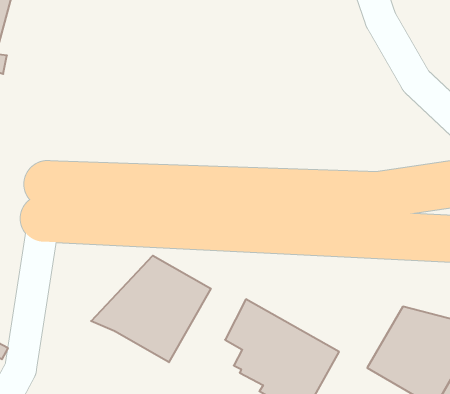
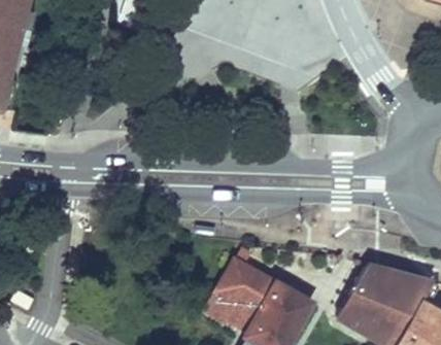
building: [91,256,211,362] -> none

